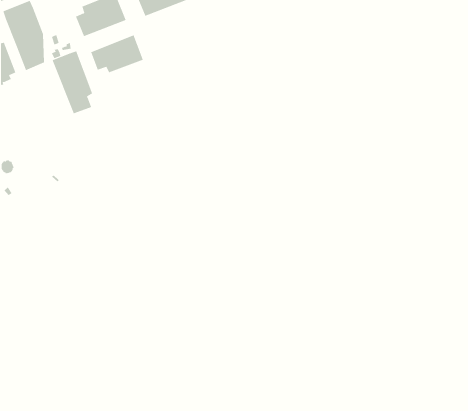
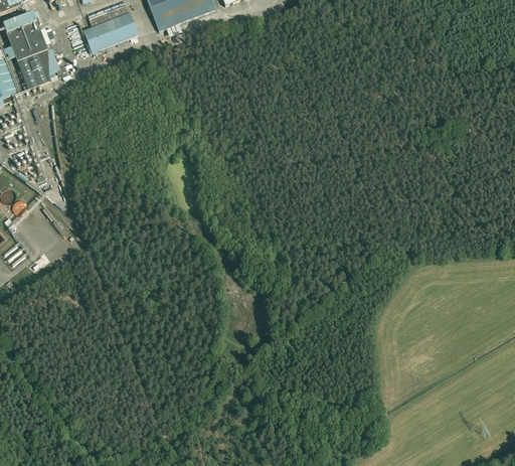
building: [91,35,143,73] -> none
building: [52,51,93,114] -> none

